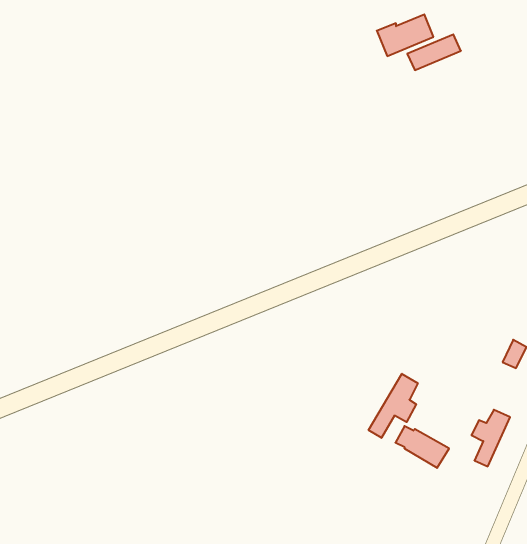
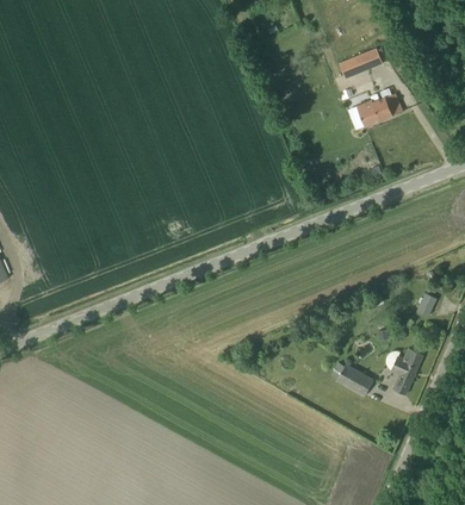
building: [377,14,433,56] -> [356,92,402,125]
building: [369,374,418,438] -> none

